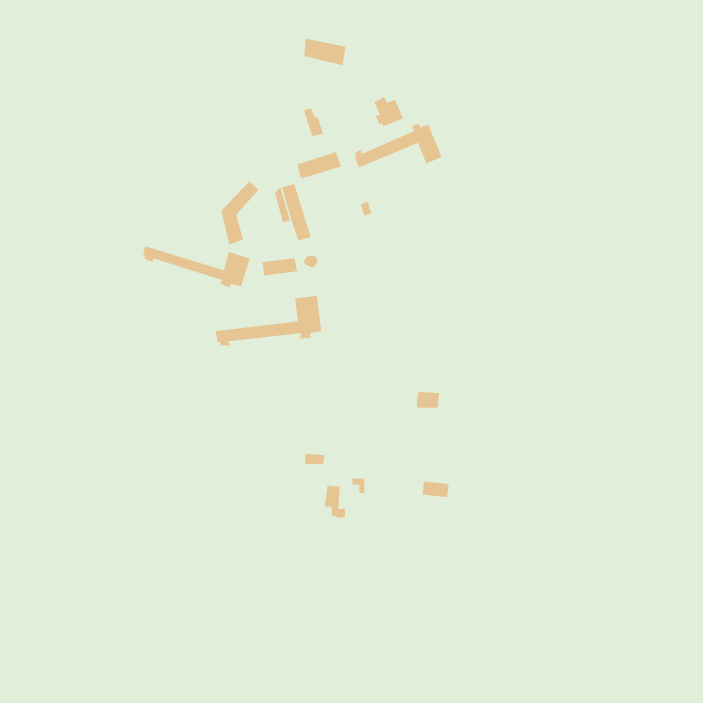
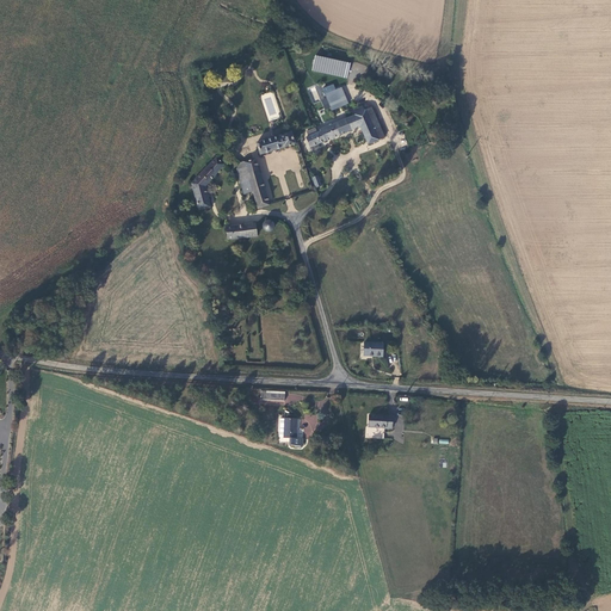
building: [303,38,346,66] -> [314,54,351,78]
building: [143,245,251,288] -> none
building: [215,295,322,346] -> none

